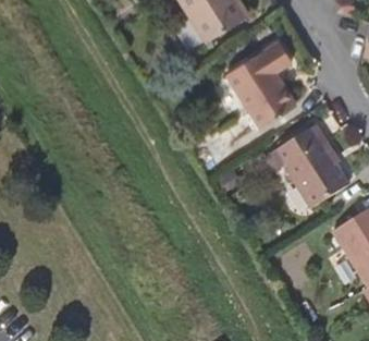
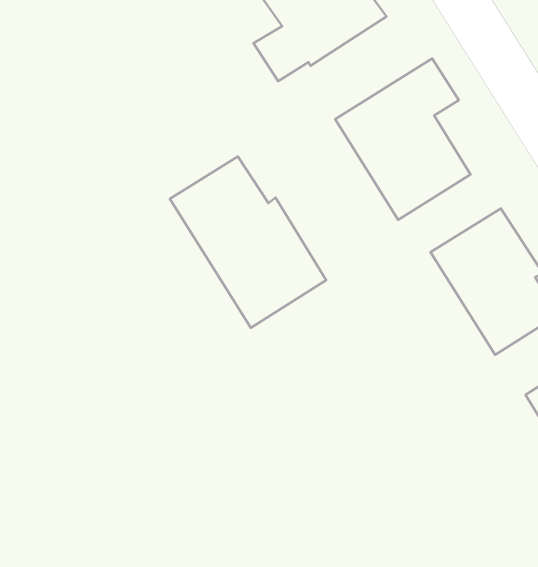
building: none -> [170,157,326,328]

